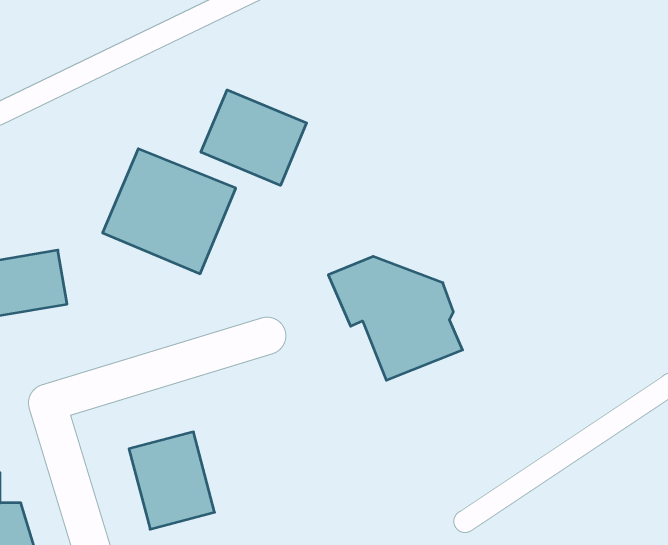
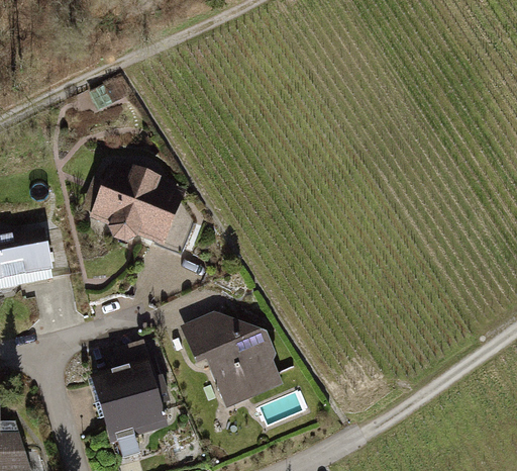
building: [201,90,307,185] -> none
building: [328,256,463,380] -> [180,312,283,407]

